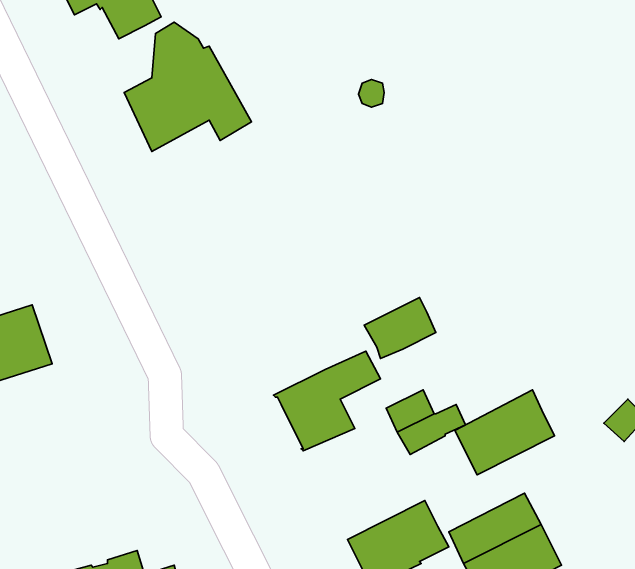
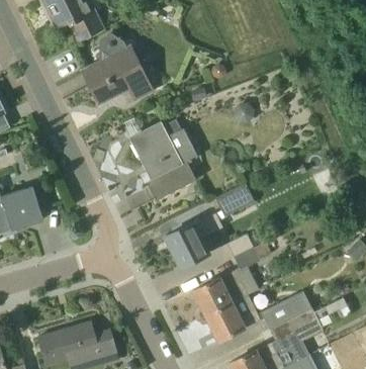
building: none -> [130,119,196,200]
building: [455,390,555,475] -> [192,269,247,315]

